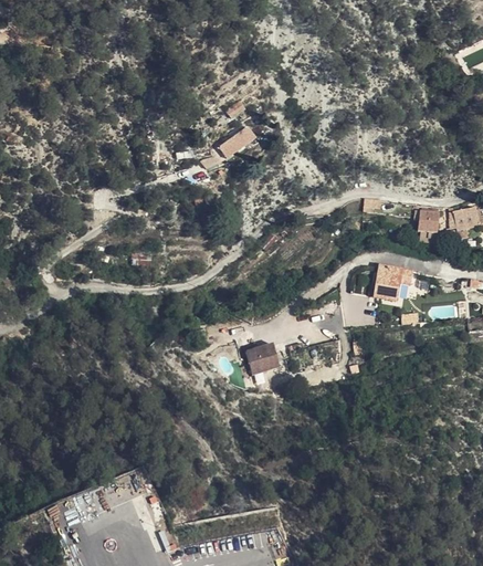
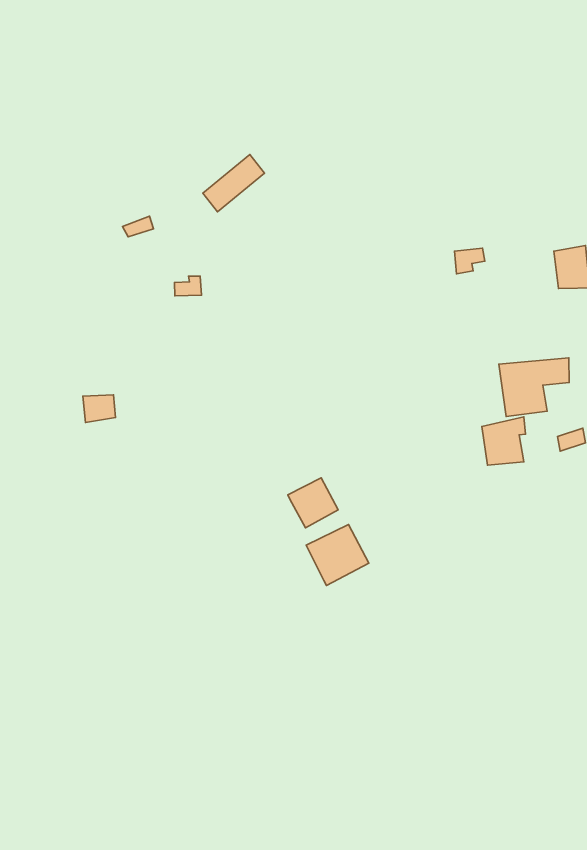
building: none -> [482,417,526,465]
building: none -> [288,478,338,528]

